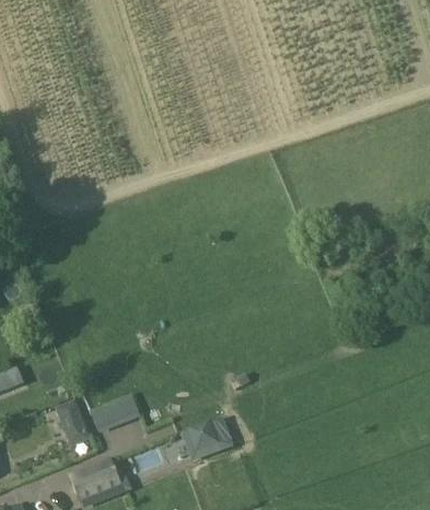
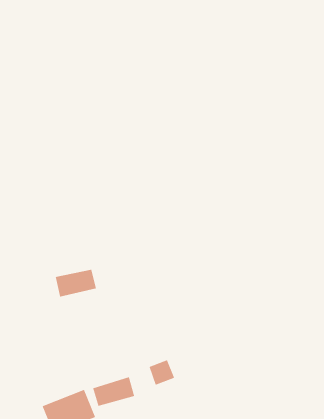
building: [91,397,139,430] -> [55,269,97,298]
building: [53,399,88,444] -> none

